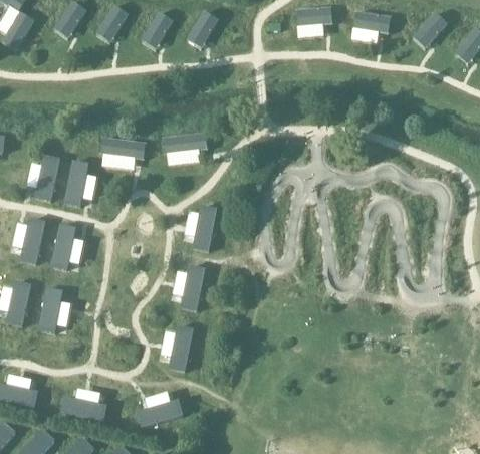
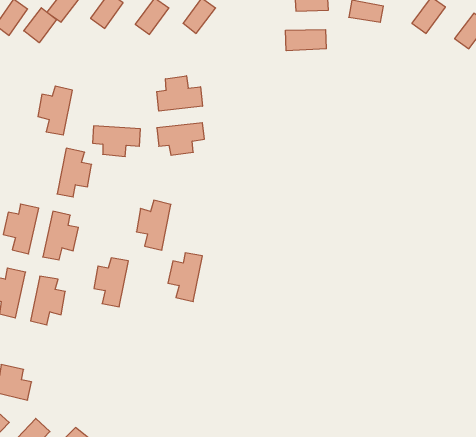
building: none -> [24,8,57,43]
building: none -> [286,30,326,51]
building: none -> [157,76,202,111]
building: [26,154,60,202] -> [38,86,72,135]
building: [182,203,216,252] -> [136,200,171,250]
building: [159,324,193,373] -> [94,258,128,307]
building: [58,388,107,422] -> none
building: [135,390,184,427] -> none

